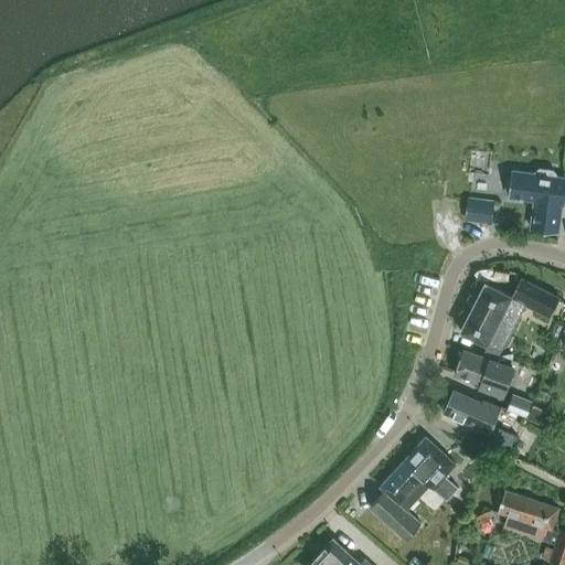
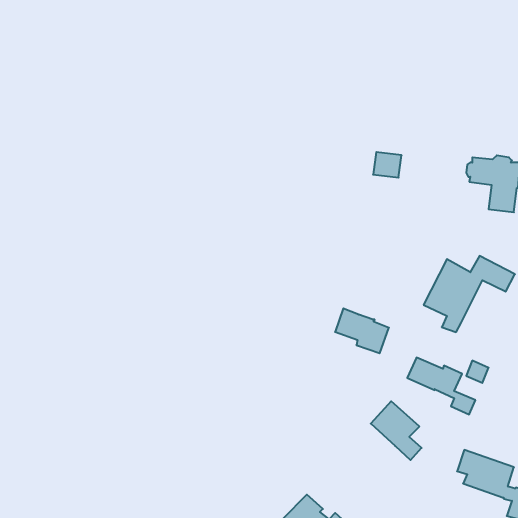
building: [463,198,494,225] -> [373,152,402,178]
building: [456,350,514,398] -> [335,308,389,353]
building: [371,461,430,541] -> none

